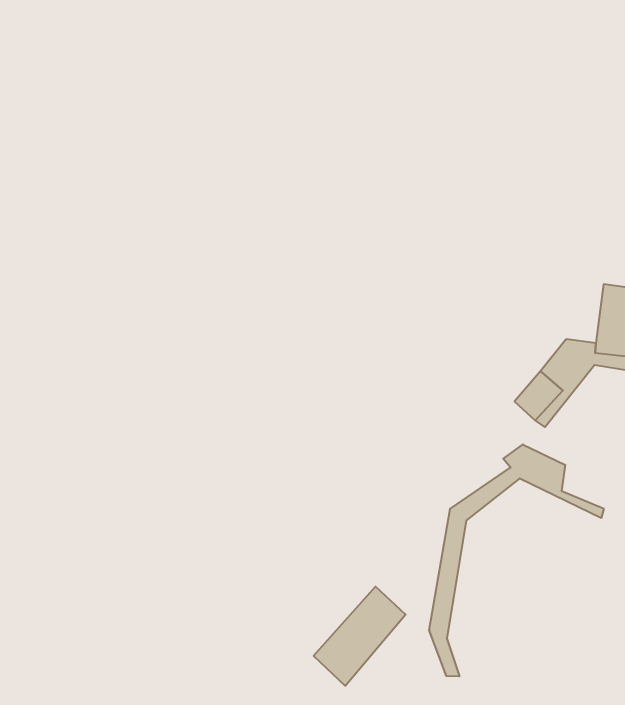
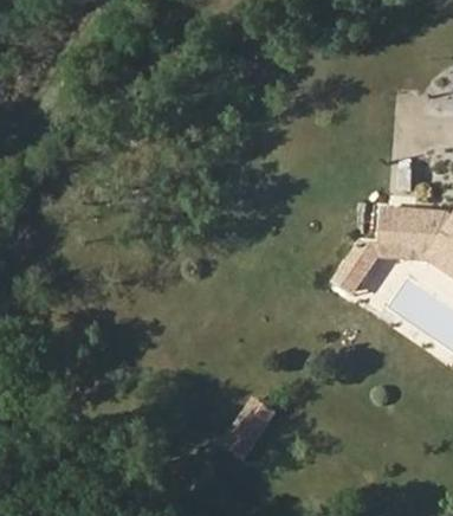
building: [429,444,604,676] -> none

